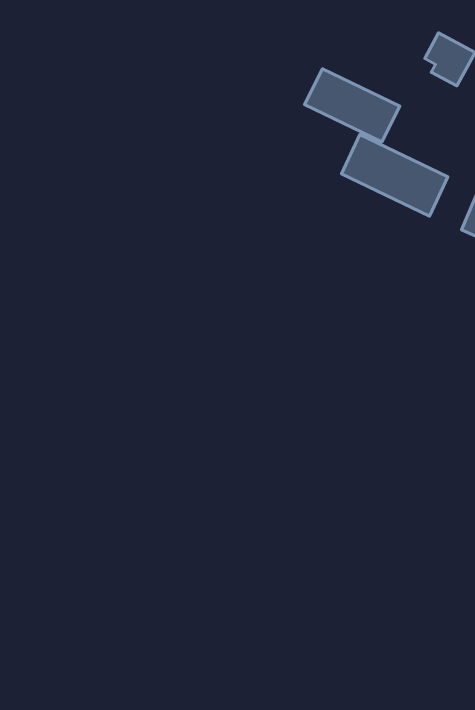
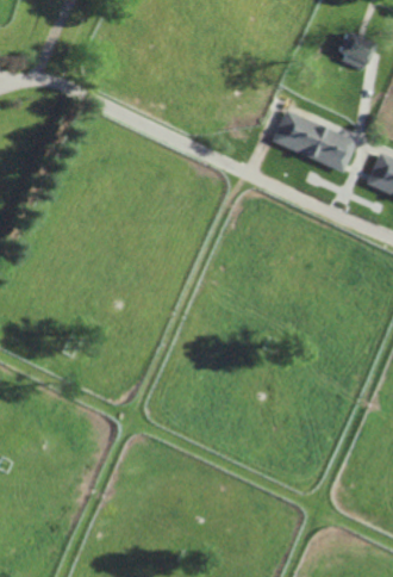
building: [304,69,400,142] -> none

